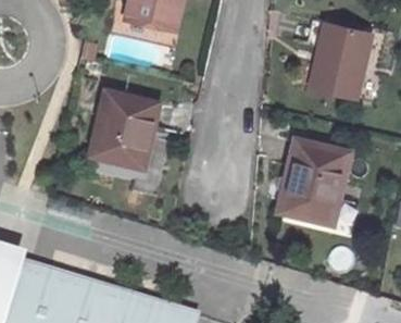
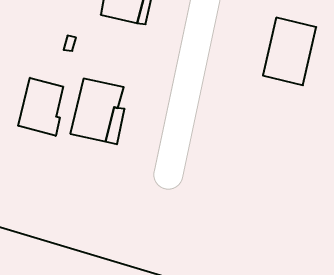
building: none -> [18,78,63,136]
building: [279,139,352,222] -> none

